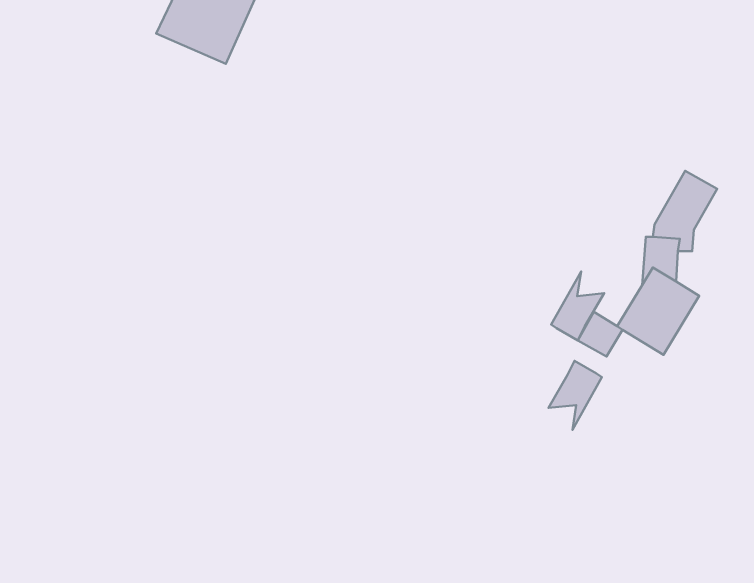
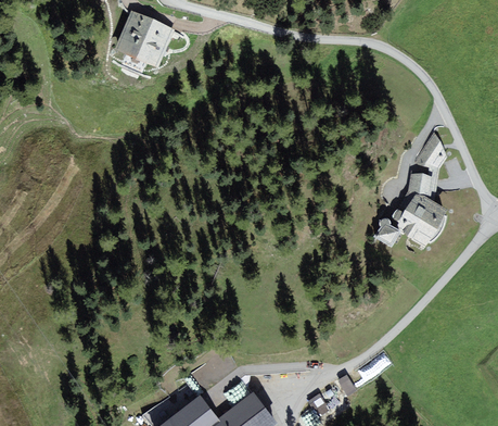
building: [551,271,604,341] -> none
building: [549,361,602,430] -> none

